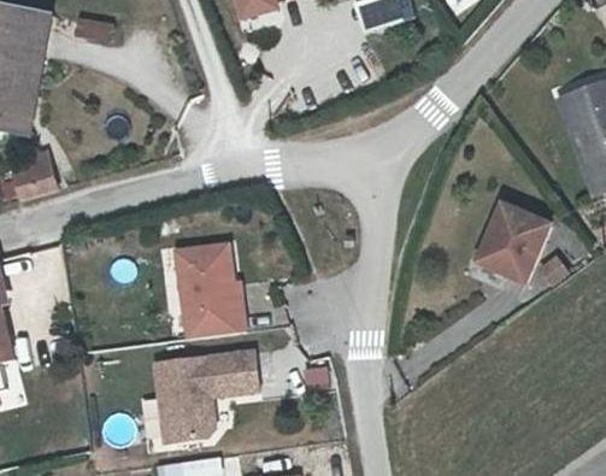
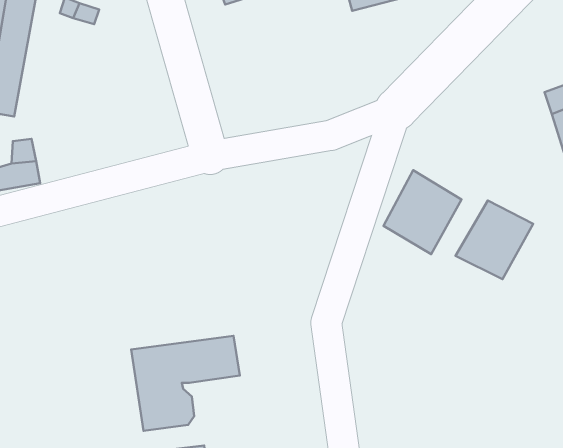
building: none -> [384,170,462,254]
building: [172,239,241,335] -> none

